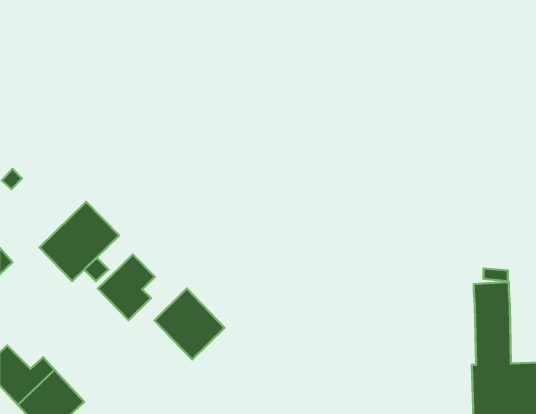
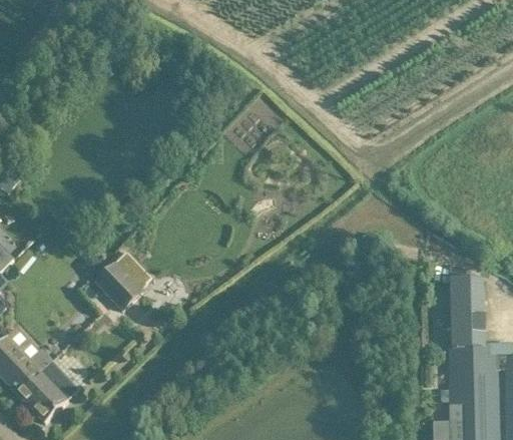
building: [39,202,119,281] -> none
building: [154,289,225,360] -> none

